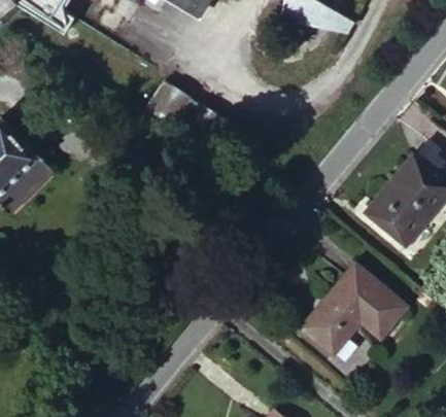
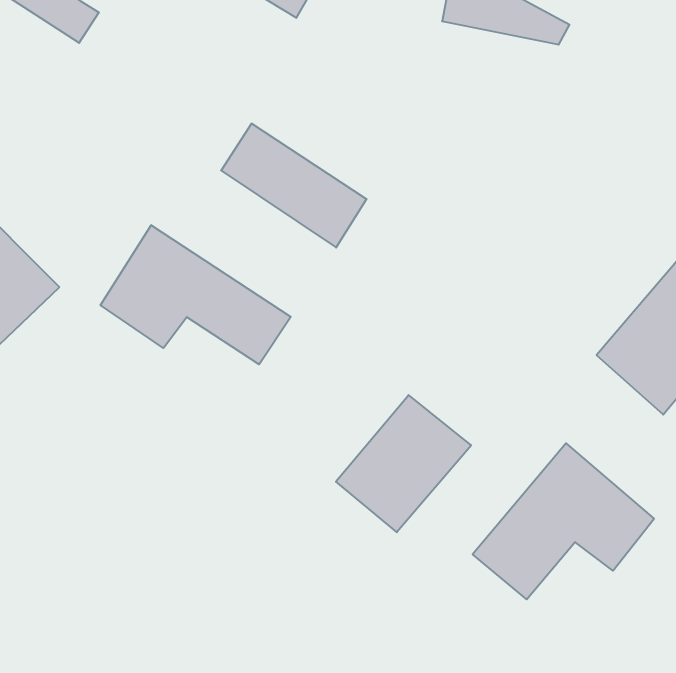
building: none -> [100,225,291,364]
building: none -> [336,395,471,532]

